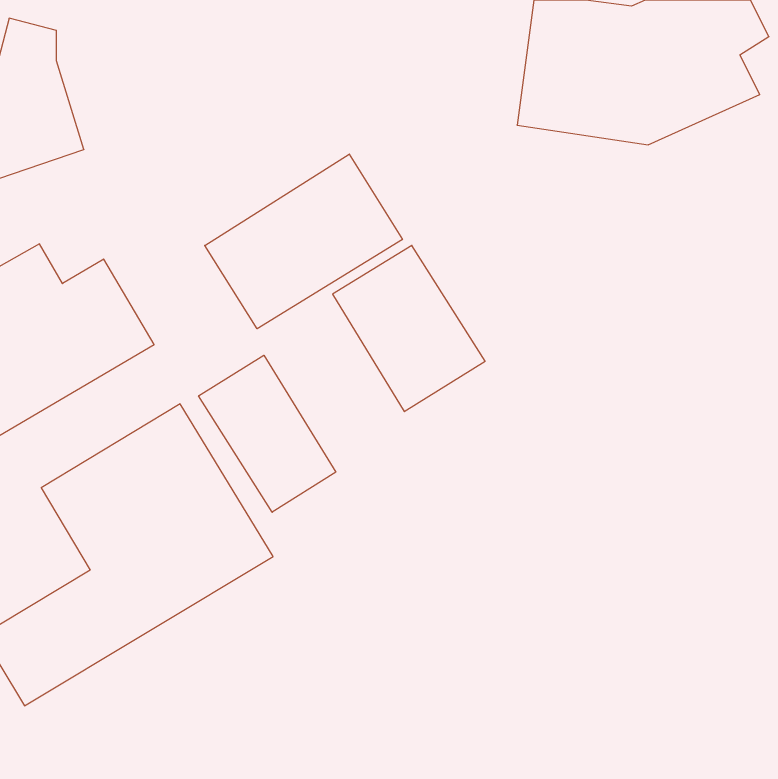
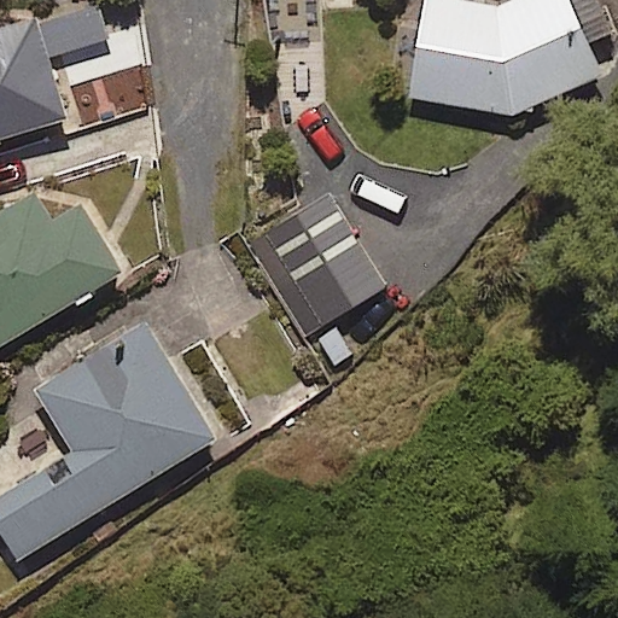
building: [205,154,402,329] -> none
building: [199,355,336,512] -> none

